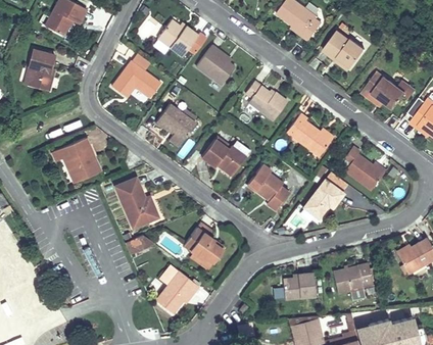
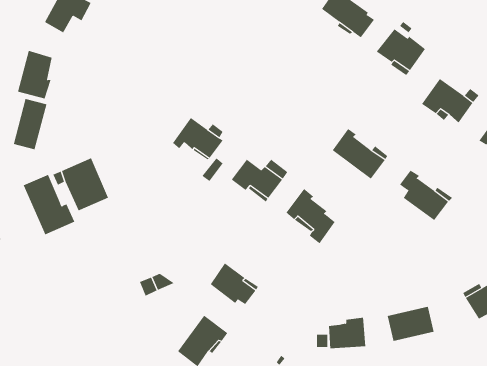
building: [157,20,197,57] -> none
building: [195,46,235,87] -> none
building: [110,62,159,99] -> none
building: [245,83,286,121] -> none
building: none -> [13,98,47,150]
building: [113,178,157,229] -> [23,174,75,235]
building: [304,181,343,219] -> none

